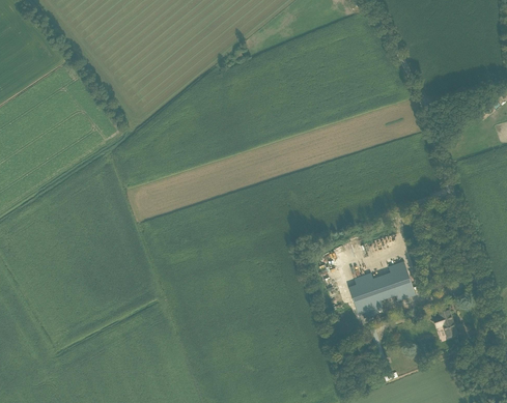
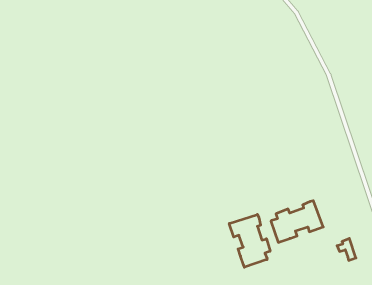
building: none -> [229,214,270,267]

